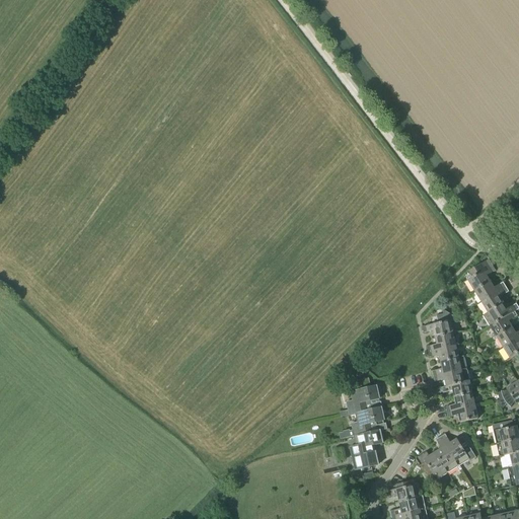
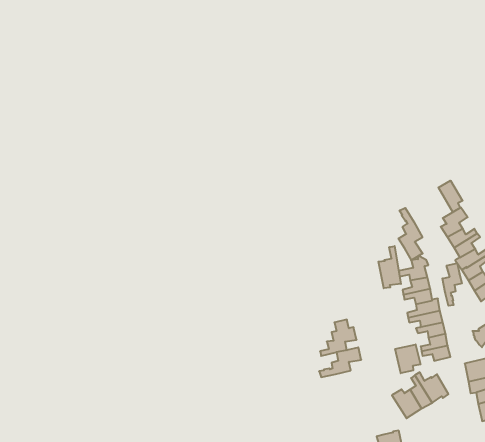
building: none -> [438,181,463,212]
building: none -> [399,208,423,260]
building: none -> [378,246,401,288]
building: none -> [442,263,462,306]
building: none -> [395,344,420,373]
building: [351,430,383,469] -> none
building: [387,481,418,502] -> none

